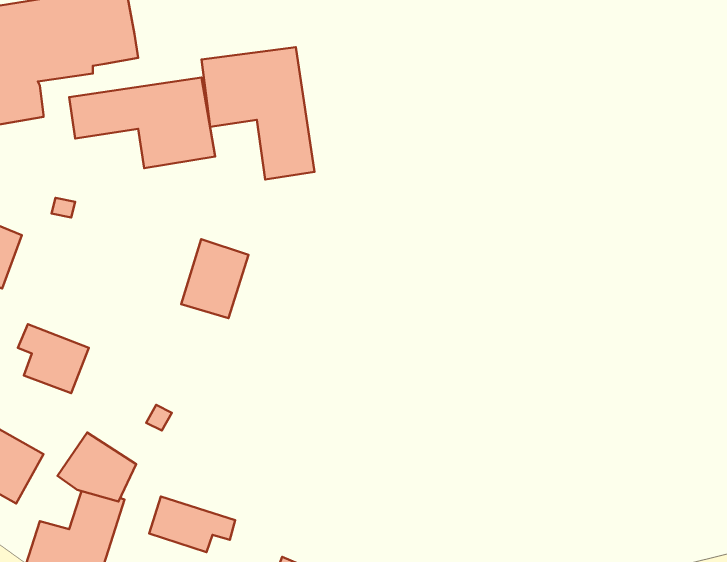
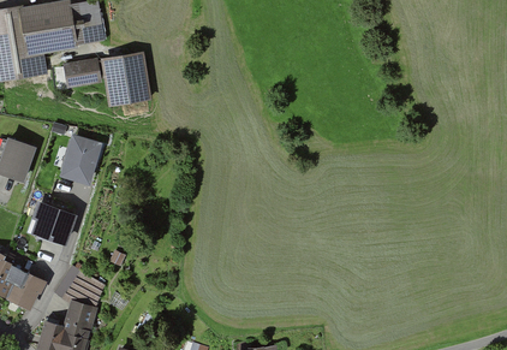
building: [201,47,314,180] -> none
building: [181,239,248,318] -> [58,134,99,182]
building: [149,496,235,552] -> none

